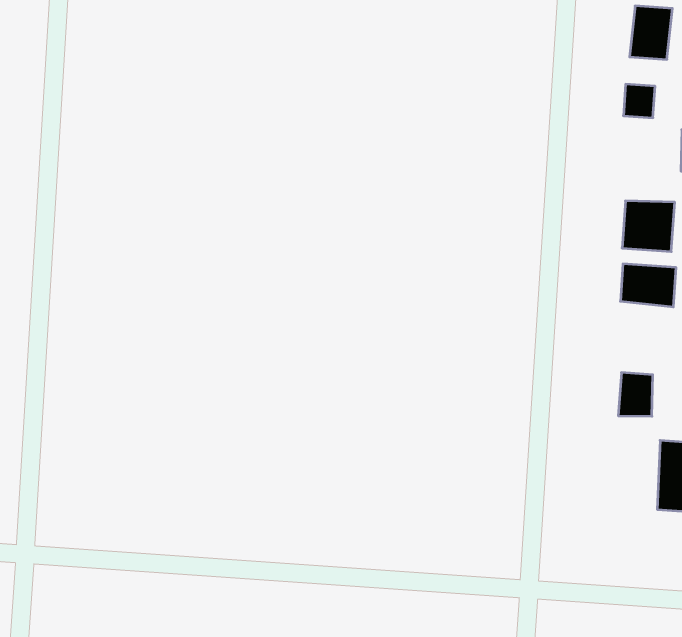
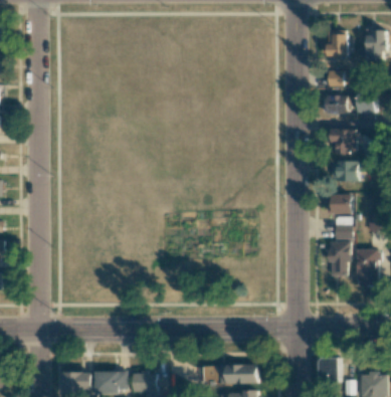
building: none -> [327,95,347,114]
building: none -> [327,194,353,214]
building: none -> [330,242,350,275]

